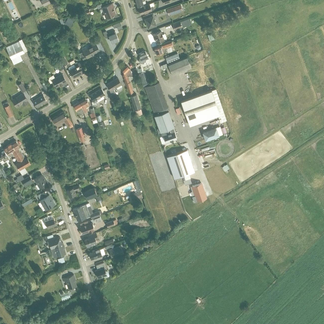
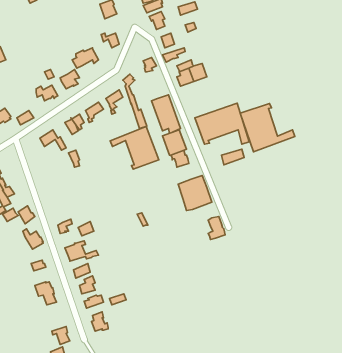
building: none -> [240,104,295,152]
building: none -> [110,126,159,169]

